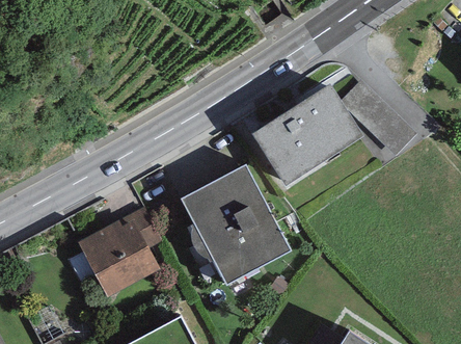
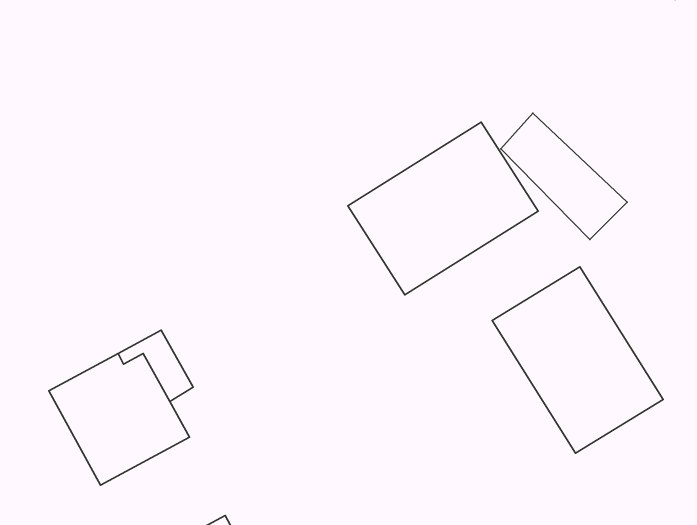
building: [181,165,290,284] -> none
building: none -> [492,267,663,453]

